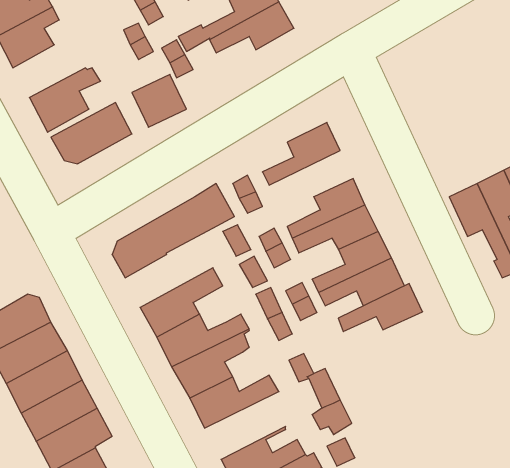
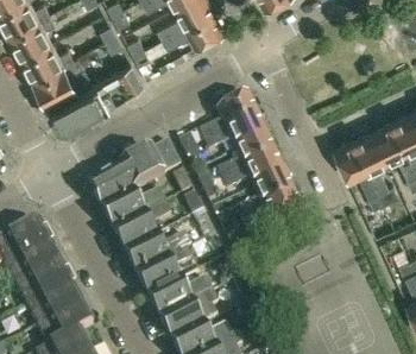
building: none -> [21,39,74,77]
building: none -> [102,189,165,228]
building: [338,284,423,332] -> [206,115,266,150]
building: none -> [159,289,219,337]

